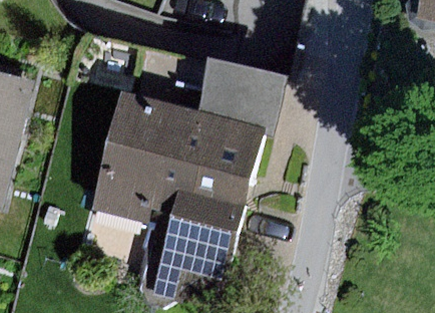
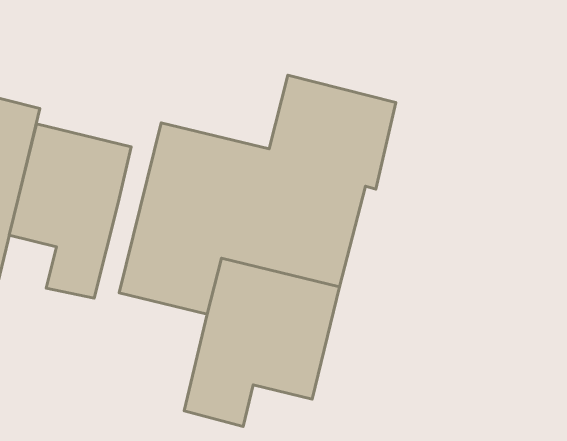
building: none -> [9,124,131,298]

